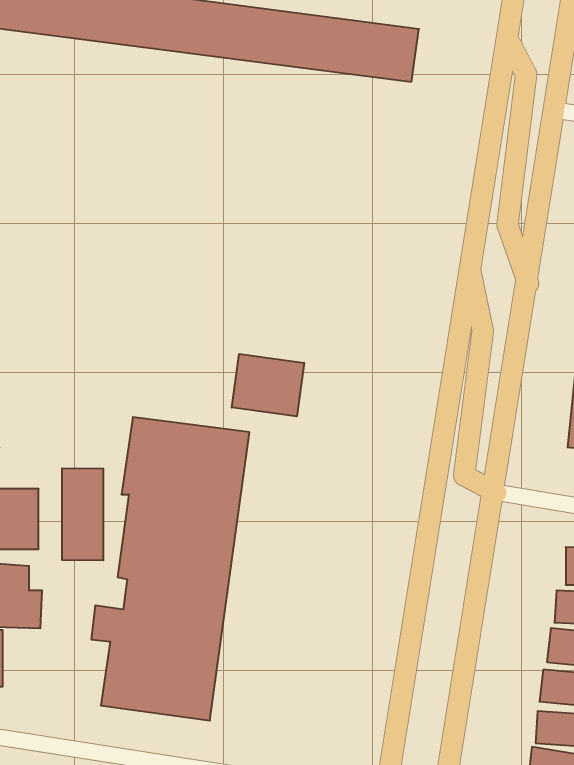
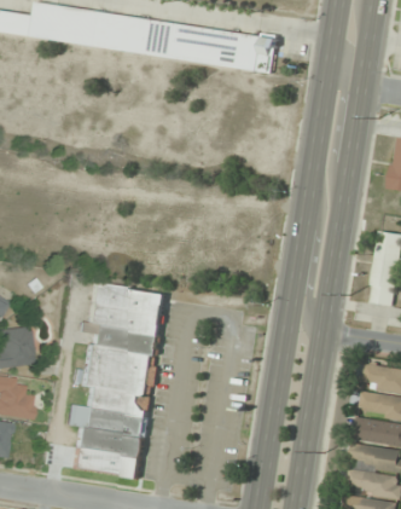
building: [232,354,304,416] -> none
building: [62,468,103,560] -> none

